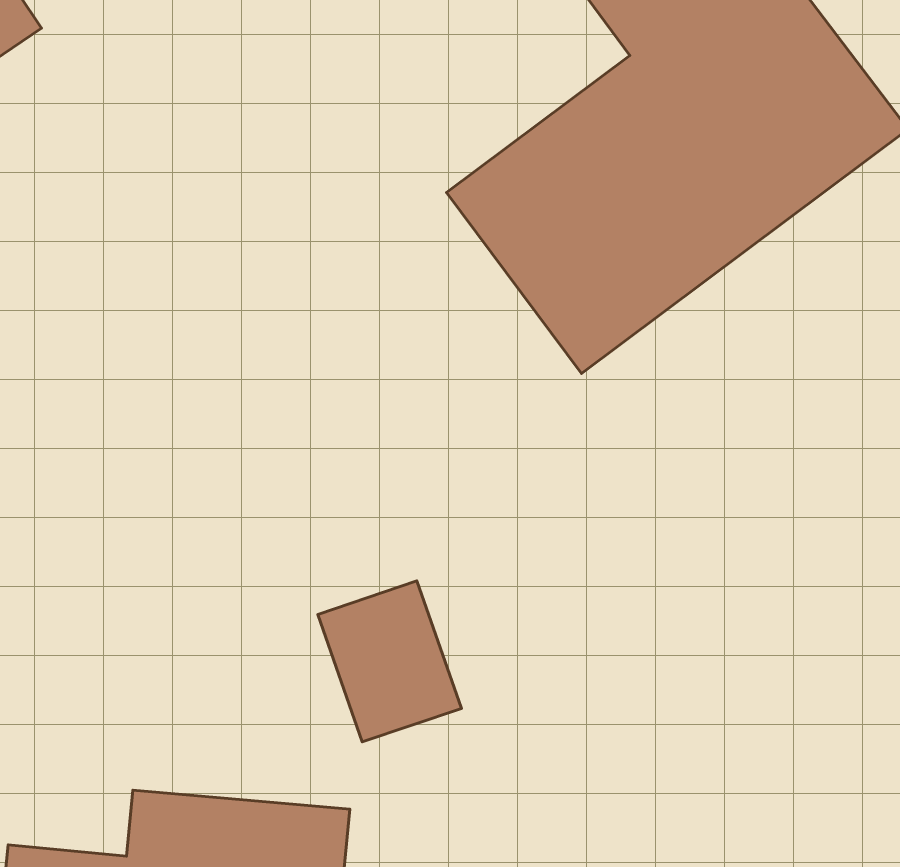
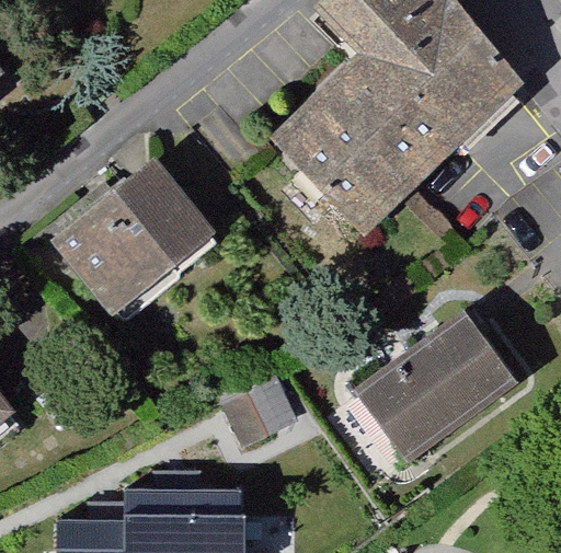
building: none -> [54,158,222,322]
building: none -> [358,306,519,459]

